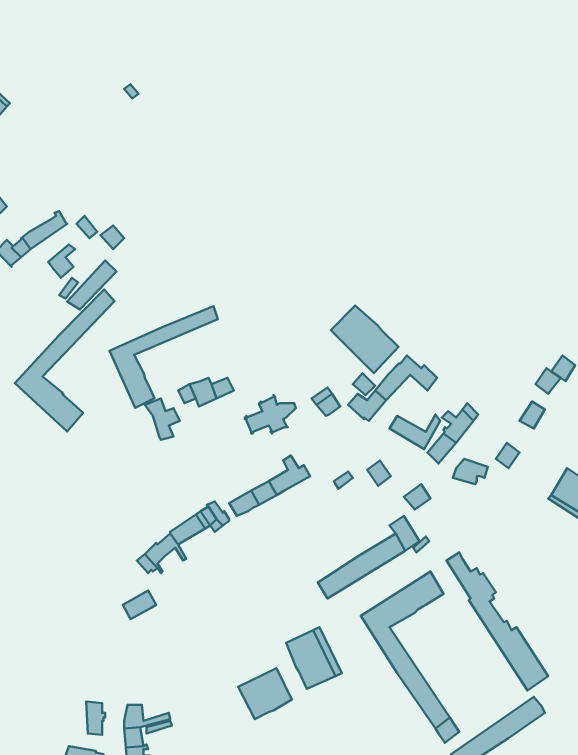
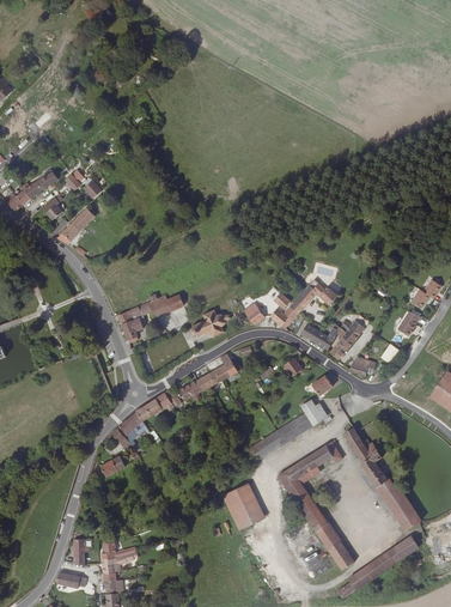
building: [15,290,114,432] -> none
building: [331,306,399,373] -> none
building: [110,306,218,408] -> none
building: [238,668,292,719] -> none

